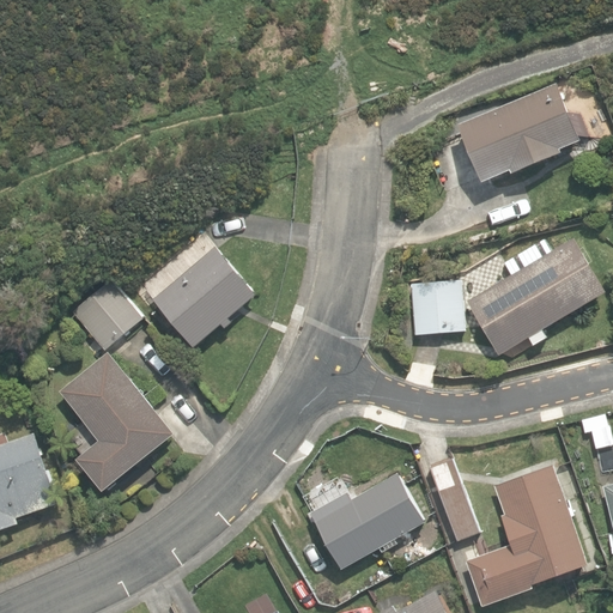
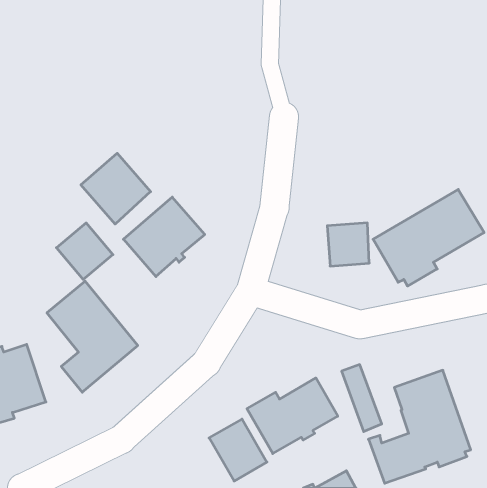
building: [424,84,578,189] -> none
building: none -> [81,153,151,224]
building: none -> [209,419,267,481]

